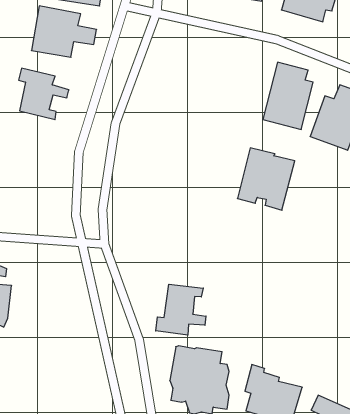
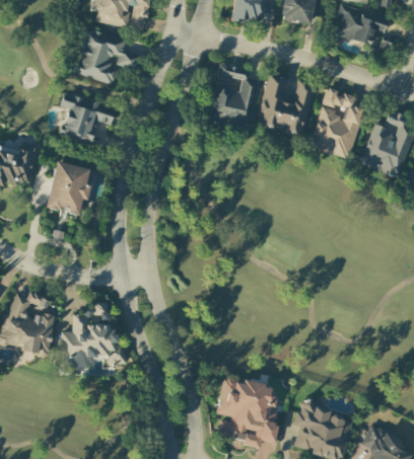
building: none -> [209,63,259,131]
building: none -> [47,161,89,215]
building: [237,148,295,210] -> [256,73,315,137]
building: none -> [61,302,125,367]
building: [156,284,206,335] -> none

